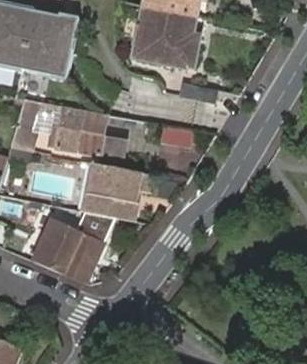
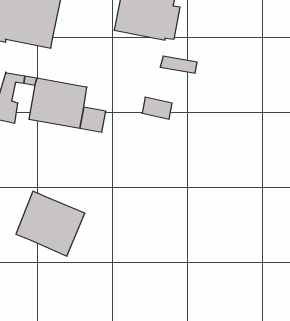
building: [80,163,148,222] -> none

